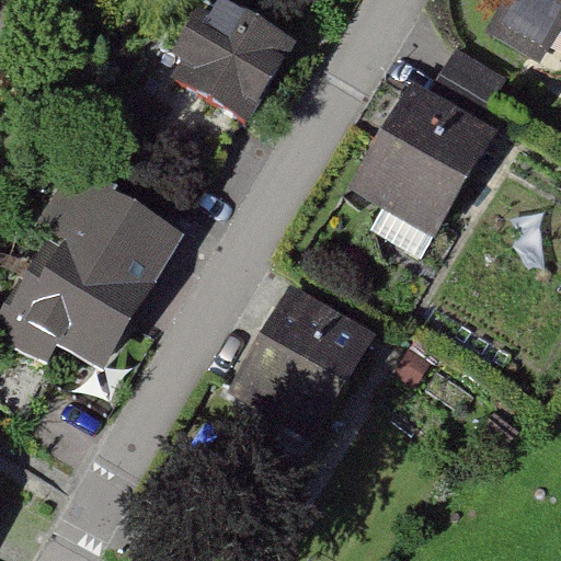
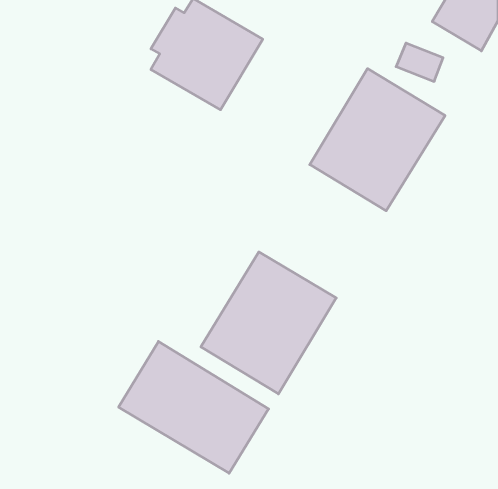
building: [4,163,186,371] -> none
building: none -> [119,341,269,473]

